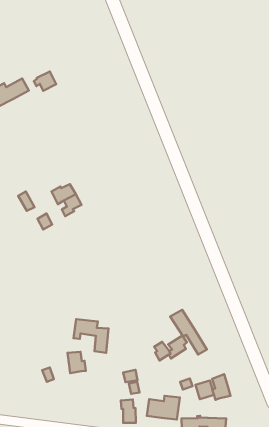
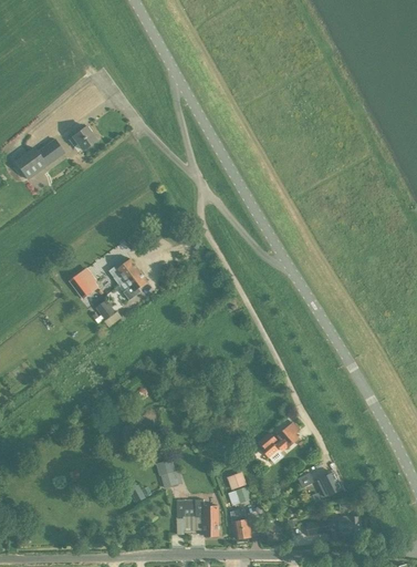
building: [170,310,207,355] -> none
building: [73,319,109,353] -> [176,498,218,535]
building: [212,374,231,400] -> none
building: [147,396,180,420] -> none

